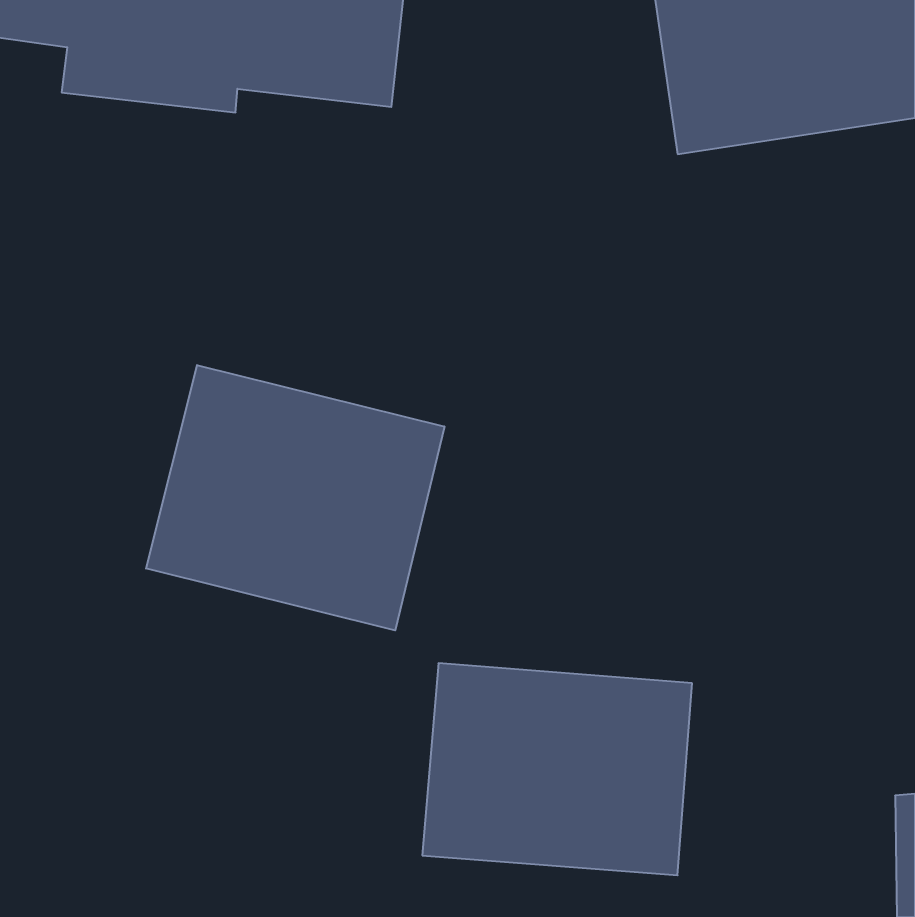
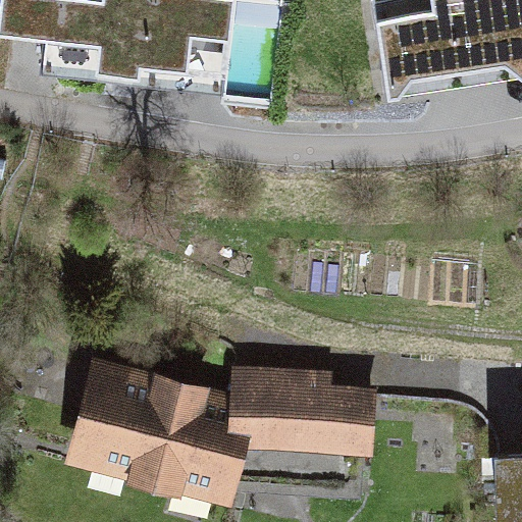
building: [146,365,444,630] -> none
building: none -> [68,349,234,489]

